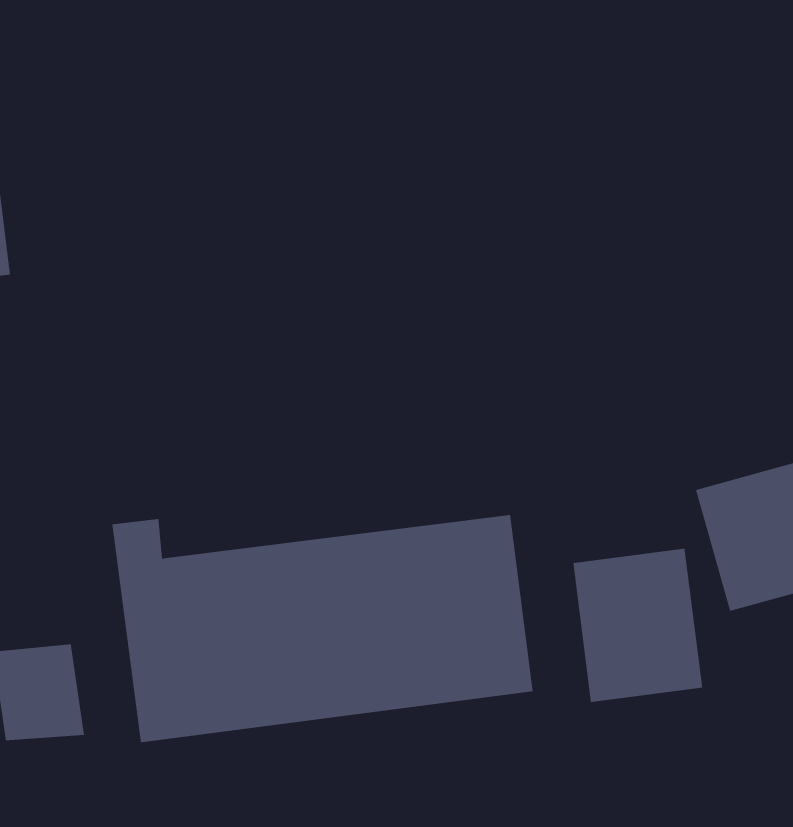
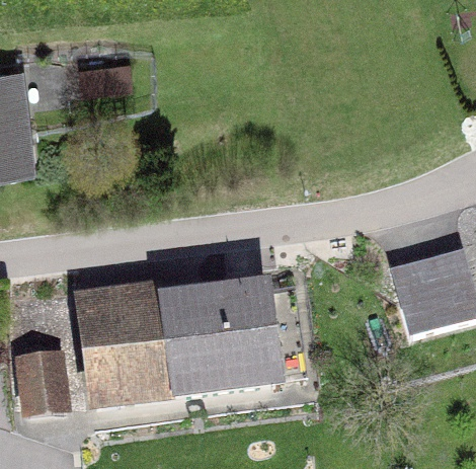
building: [573,548,703,703] -> none

